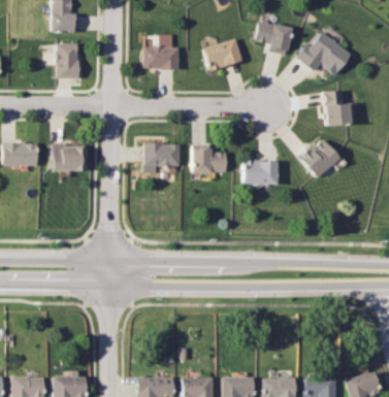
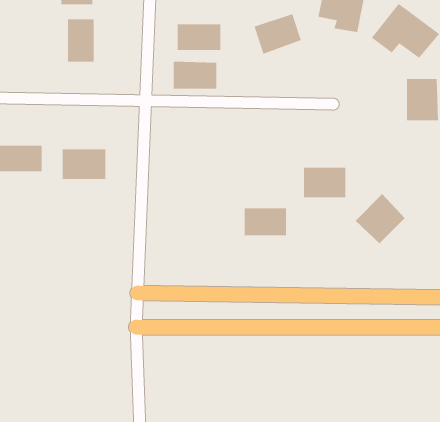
building: [300,136,341,176] -> [355,193,406,244]
building: [147,142,182,165] -> [173,61,217,90]
building: [194,148,228,171] -> [244,208,287,236]

